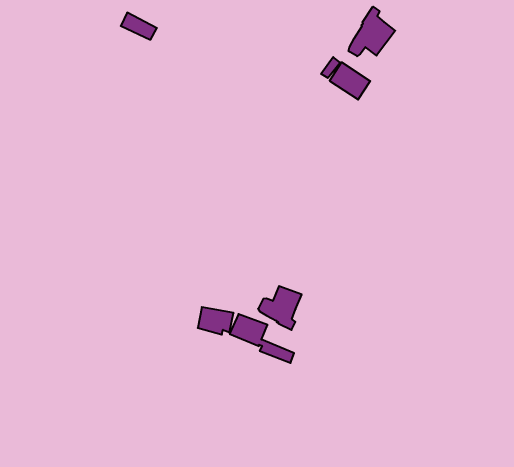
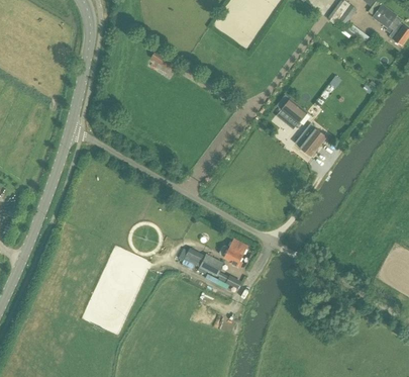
building: [349,7,395,56] -> none
building: none -> [298,127,327,157]

